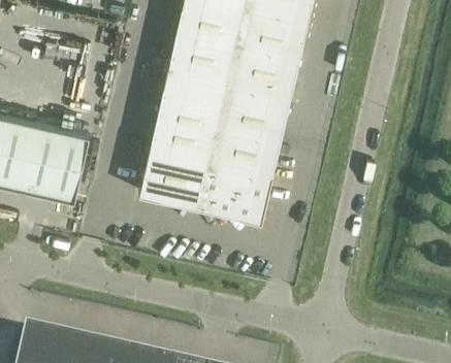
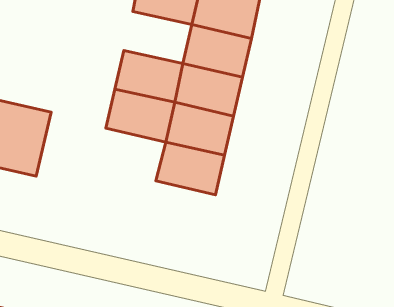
building: [167,26,237,79] -> none
building: [139,146,211,201] -> none

